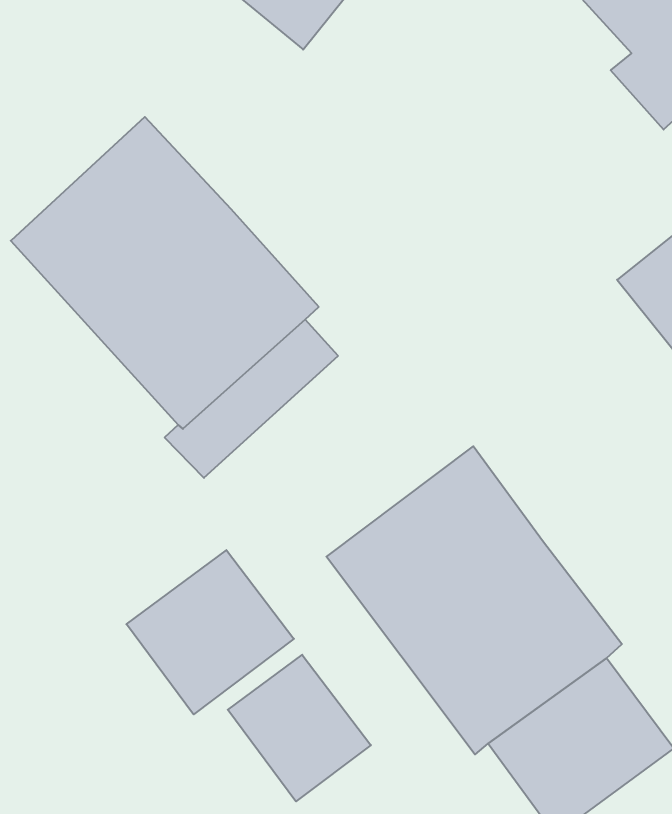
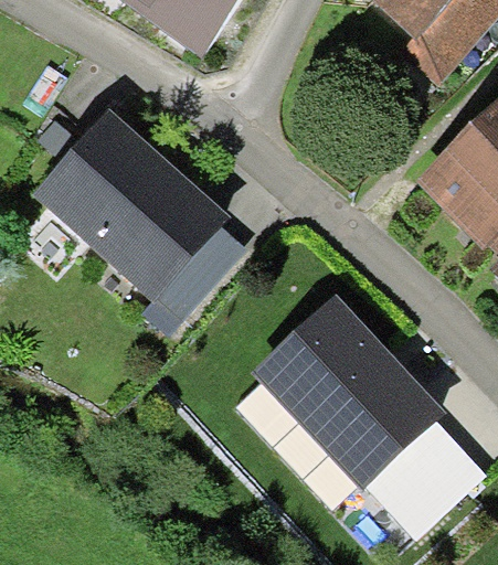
building: [126,550,294,714] -> none
building: [228,655,371,801] -> none

